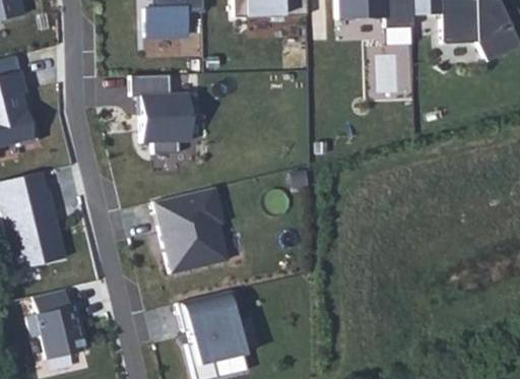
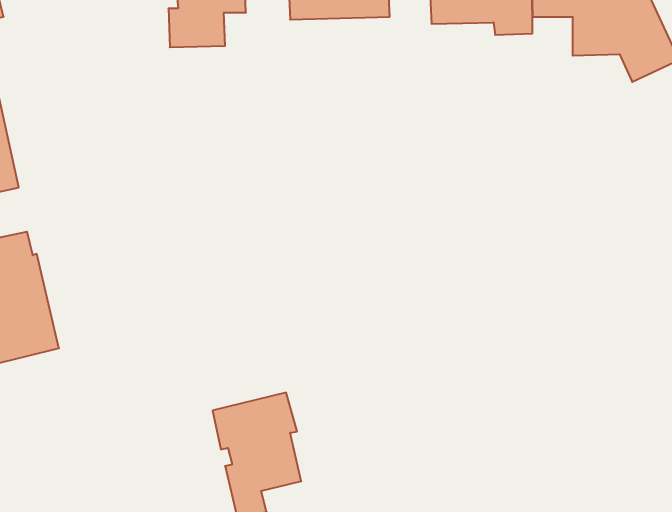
building: [139,93,188,141] -> none
building: [153,186,228,272] -> none
building: [27,288,86,358] -> none

